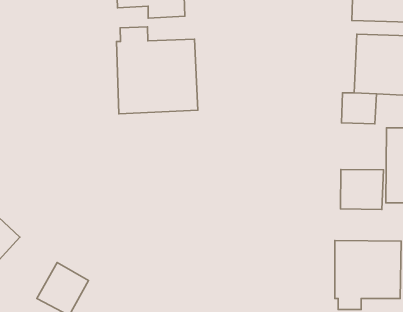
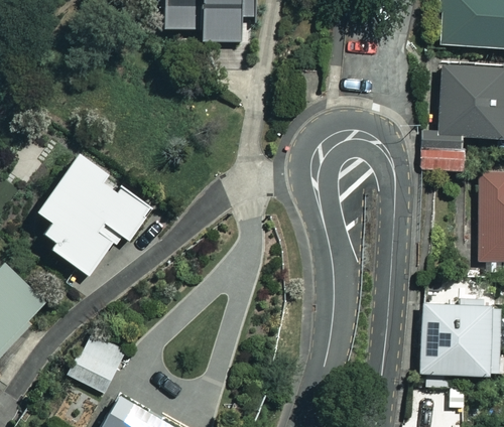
building: [117,27,198,114] -> none
building: none -> [32,156,150,277]
building: [340,169,384,210] -> none

